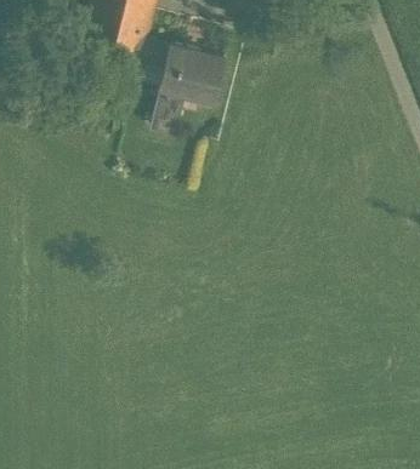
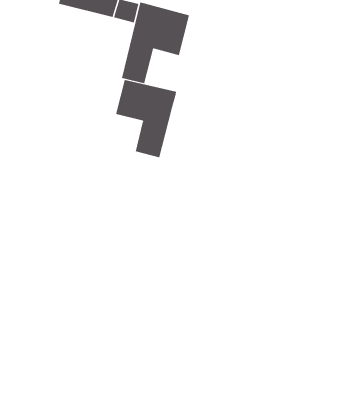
building: none -> [115,79,176,158]

